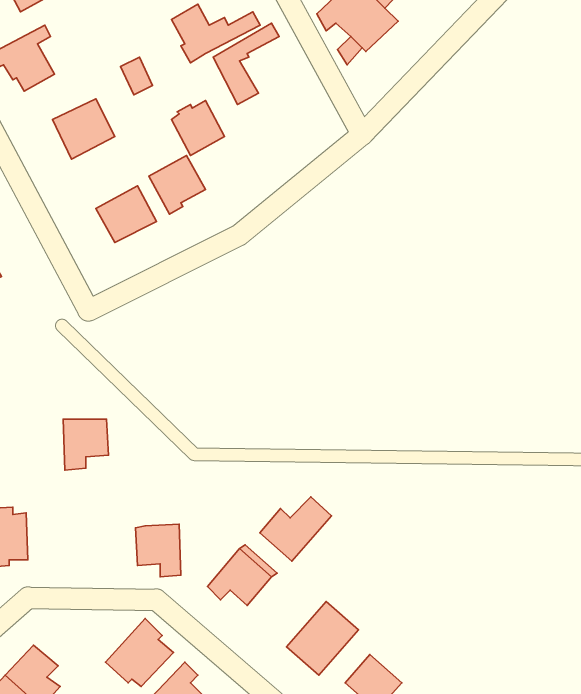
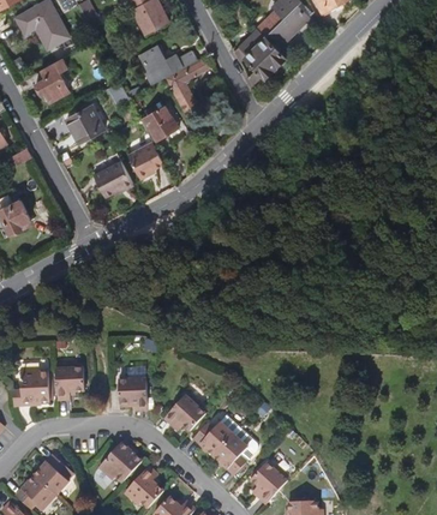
building: [63,419,108,470] -> [56,366,85,399]
building: [260,497,332,561] -> [194,414,240,455]

